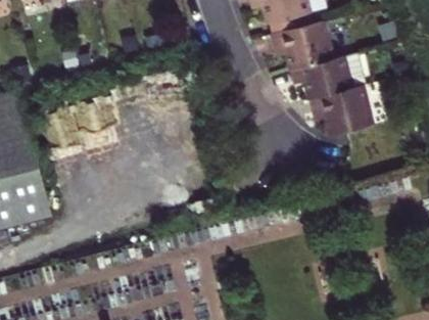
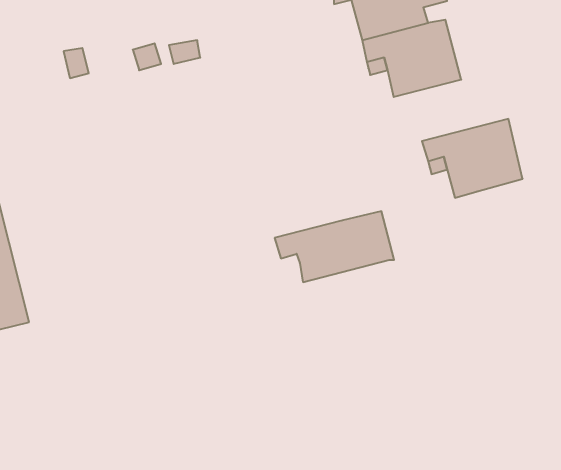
building: [289,54,367,100] -> [275,211,394,282]

